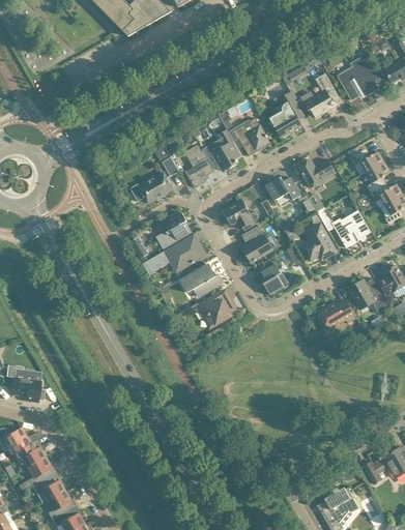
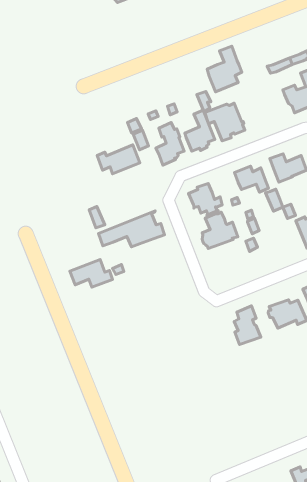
building: [269,91,303,138] -> [207,46,242,92]
building: [157,212,190,248] -> none
building: [300,224,337,260] -> none
building: [261,255,289,294] -> [234,306,261,345]
building: [180,264,223,292] -> [70,260,112,287]
building: [197,291,235,324] -> none

